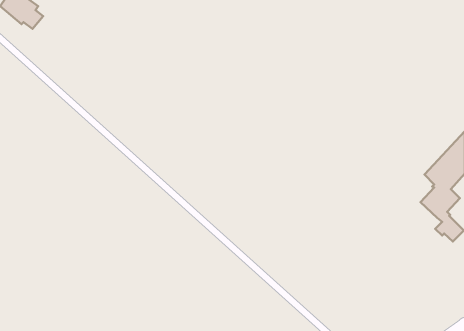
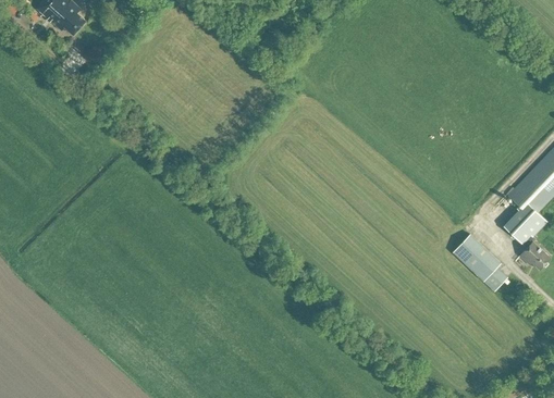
building: none -> [453,234,507,290]

